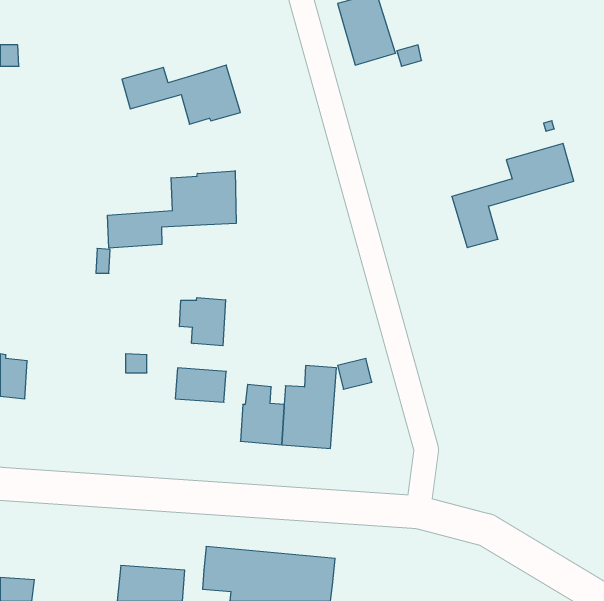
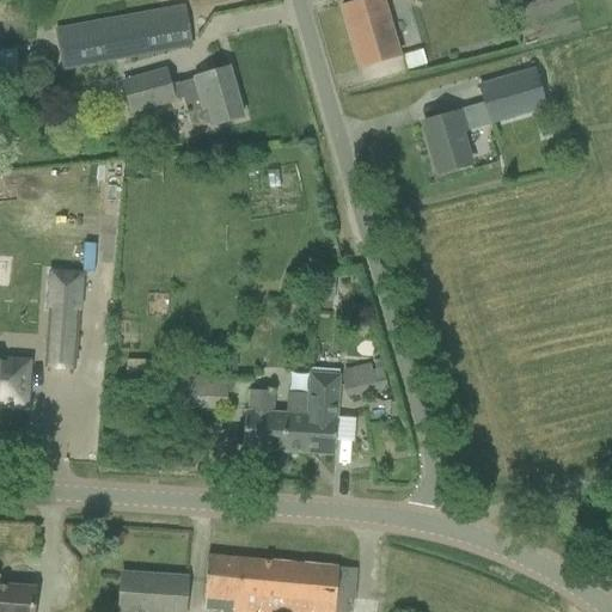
building: none -> [57,5,191,67]
building: [452,143,574,248] -> [424,66,547,171]
building: [108,171,236,248] -> none
building: none -> [48,271,81,366]
building: [180,298,226,346] -> none

